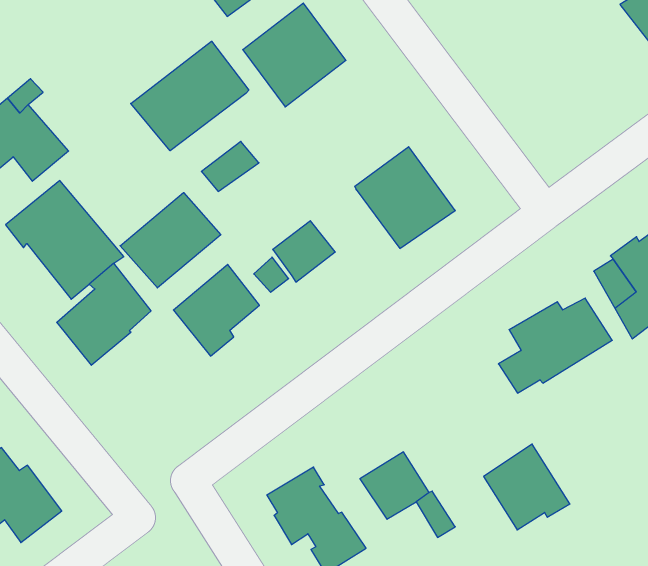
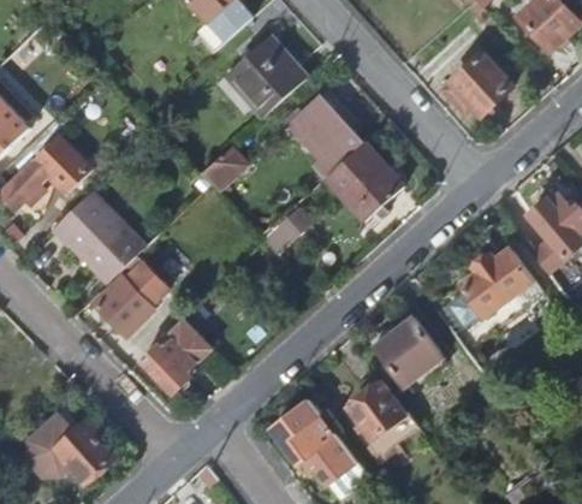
building: [131,41,249,151] -> none
building: none -> [439,52,510,114]
building: none -> [287,96,362,176]
building: [120,193,221,288] -> none
building: [173,264,259,356] -> [141,318,208,391]
building: [484,444,570,530] -> [375,315,445,384]

